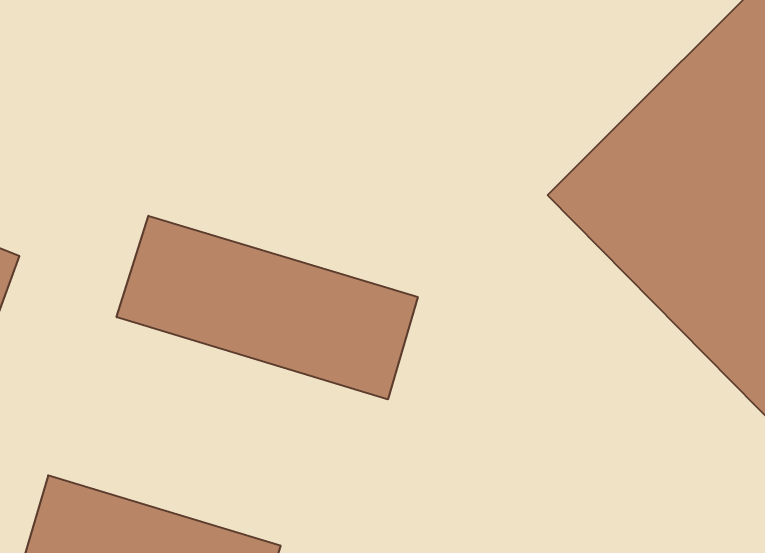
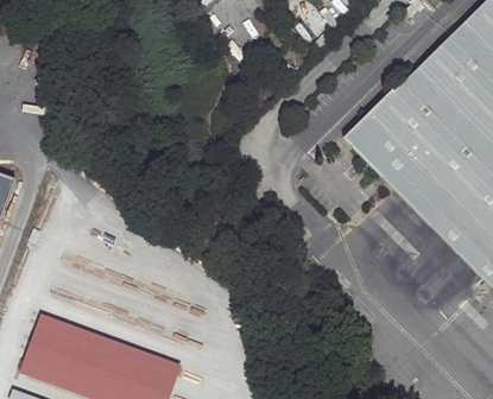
building: [117,216,418,399] -> none

